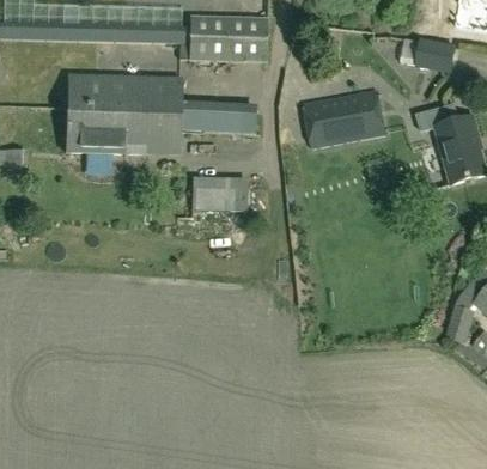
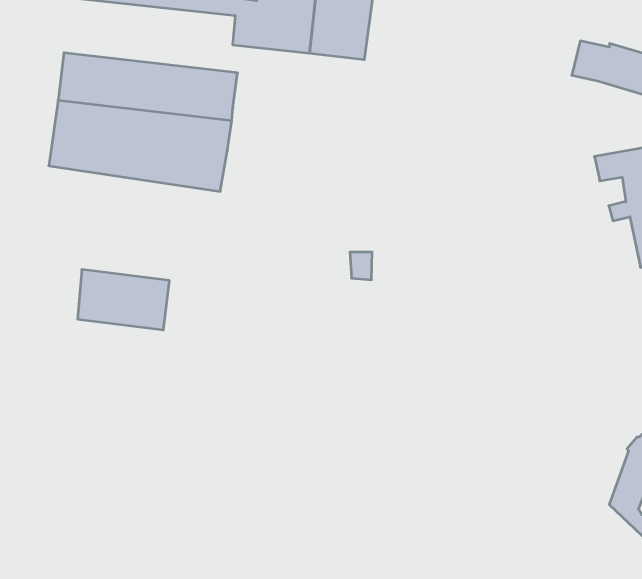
building: [304,89,386,146] -> none
building: [179,100,256,133] -> none
building: [190,176,248,211] -> [78,270,169,330]

